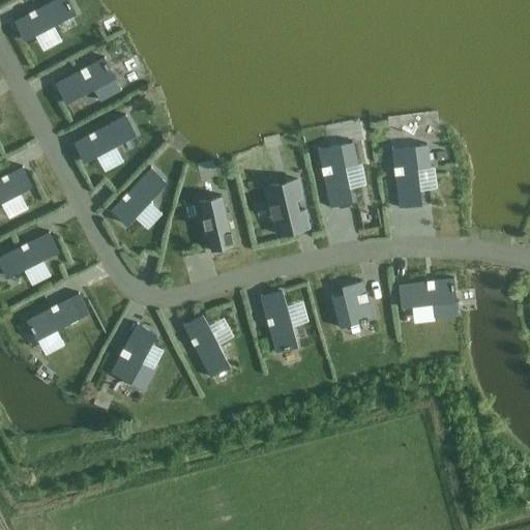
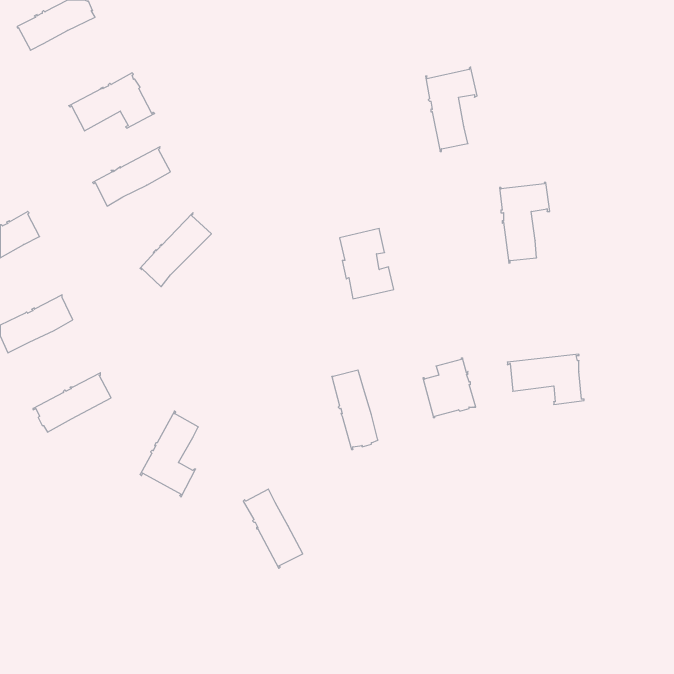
building: [319,142,359,208] -> [426,67,477,151]
building: [200,196,233,252] -> none
building: [183,316,230,378] -> [243,489,303,568]

